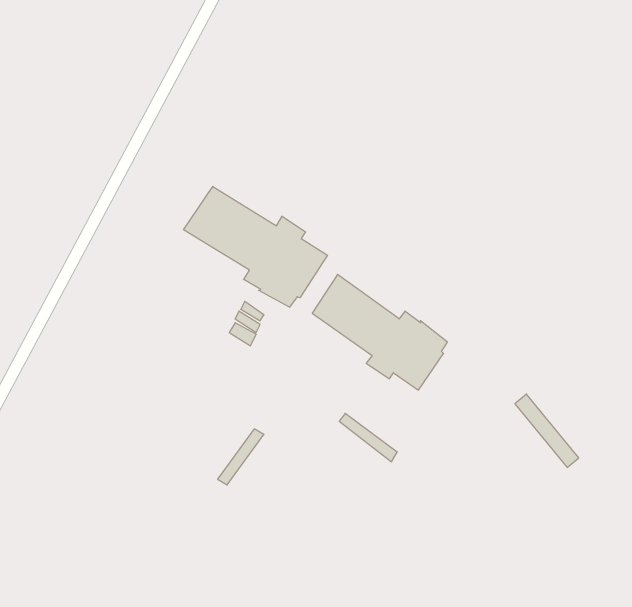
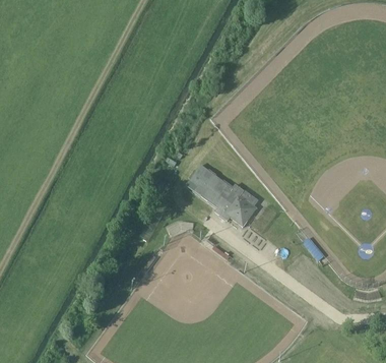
building: [183,186,327,307] -> none

